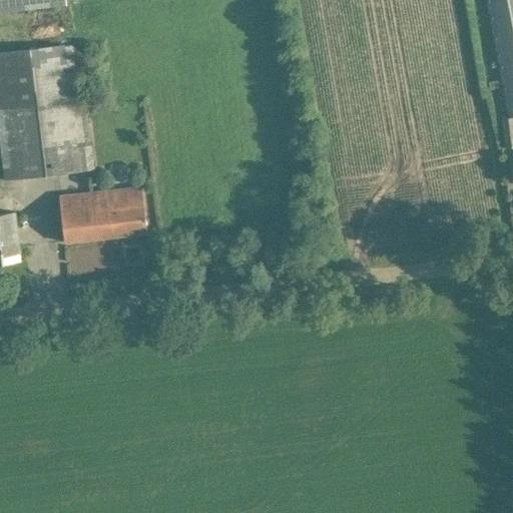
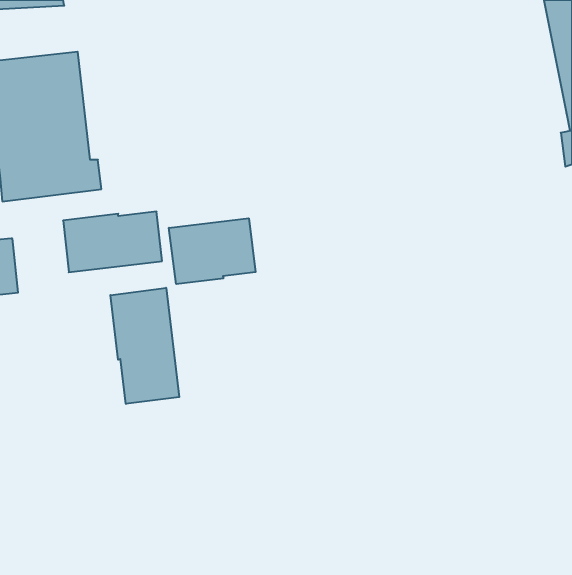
building: none -> [169,218,256,284]
building: none -> [110,288,179,404]

